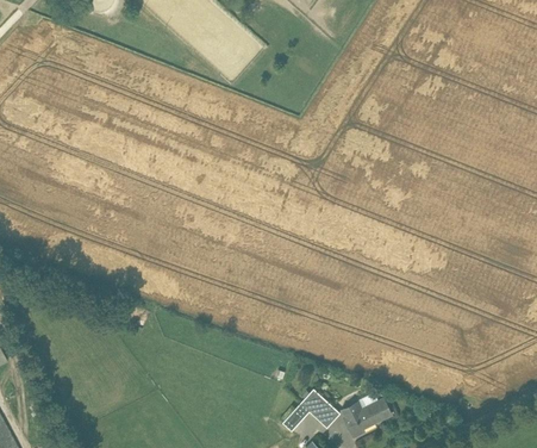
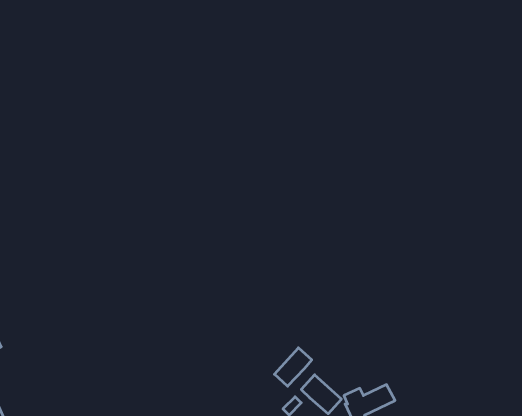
building: none -> [274,348,312,386]

